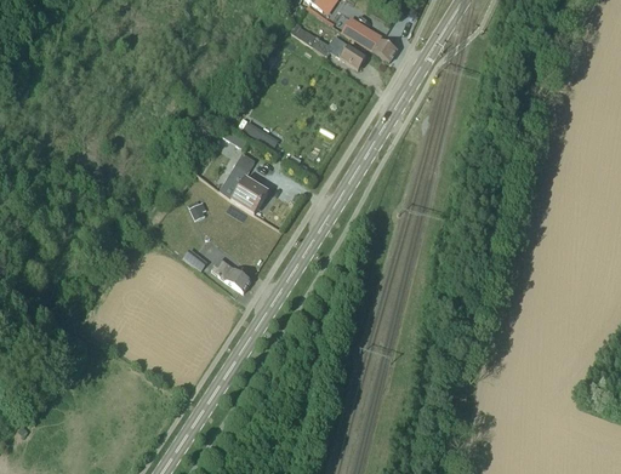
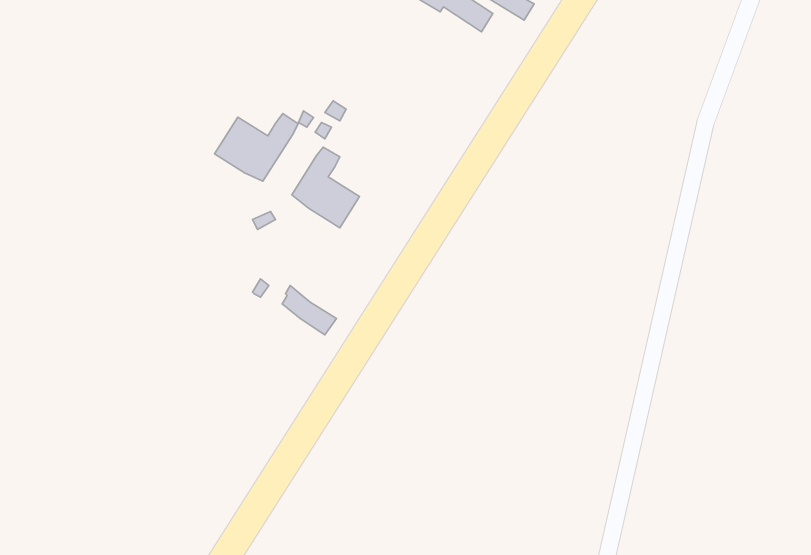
building: none -> [215,114,298,181]

